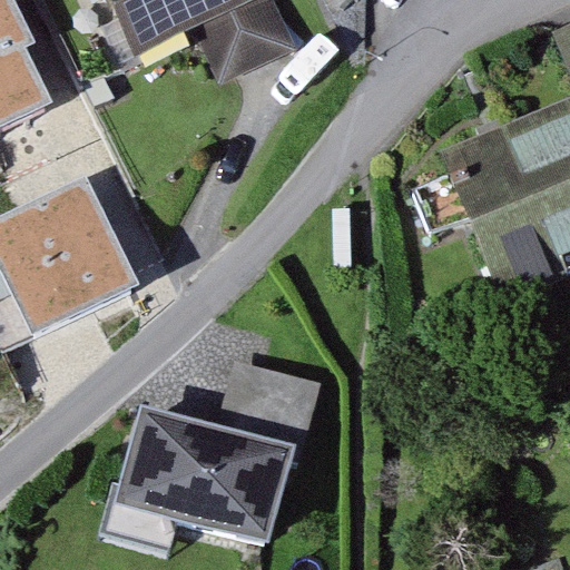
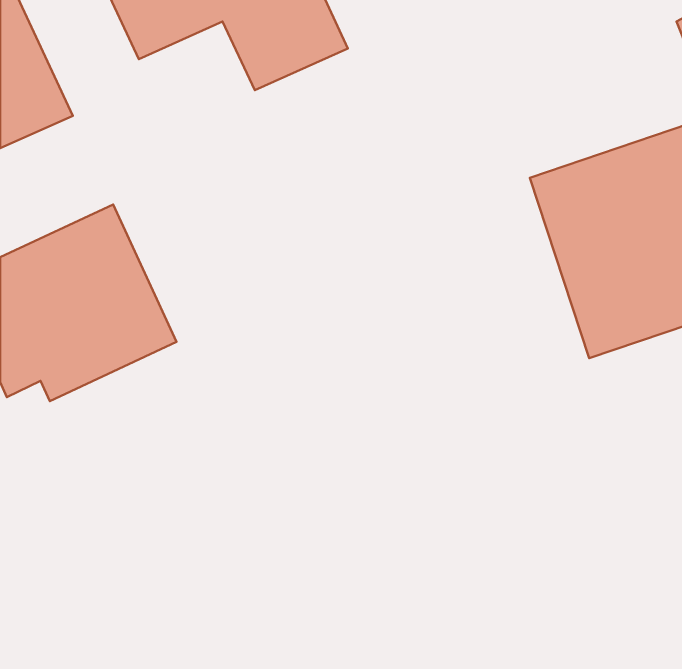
building: [97,414,275,547] -> none

